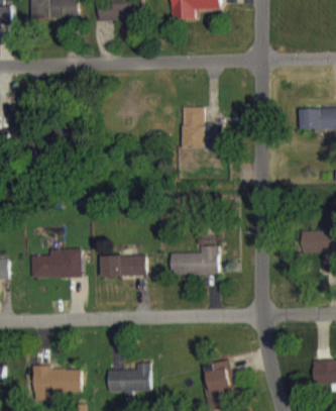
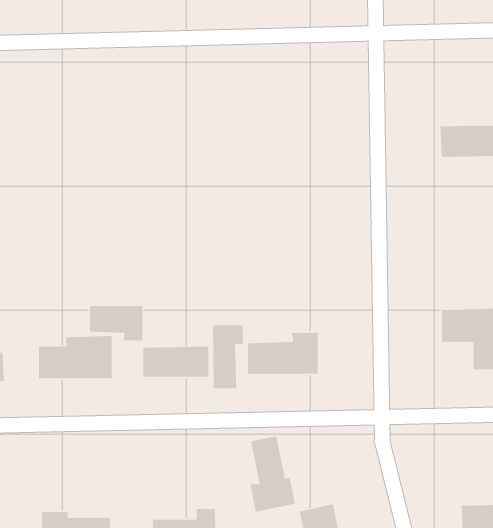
building: [182,106,221,145] -> none
building: none -> [89,305,143,341]
building: none -> [212,325,244,389]
building: none -> [249,435,296,513]

